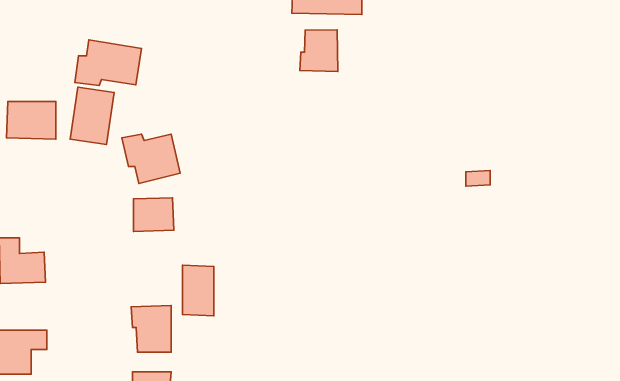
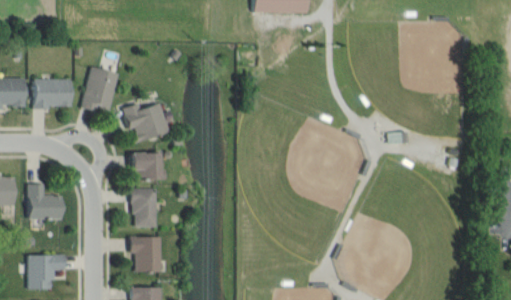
building: [300,30,338,71] -> none
building: [75,40,141,86] -> none
building: [183,265,214,316] -> [132,188,156,227]

